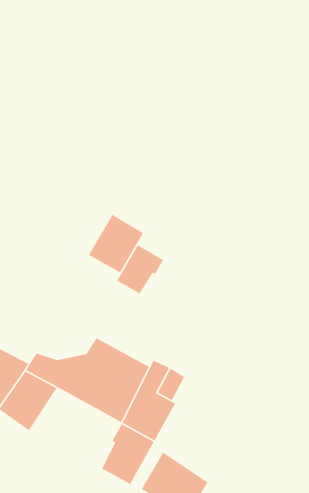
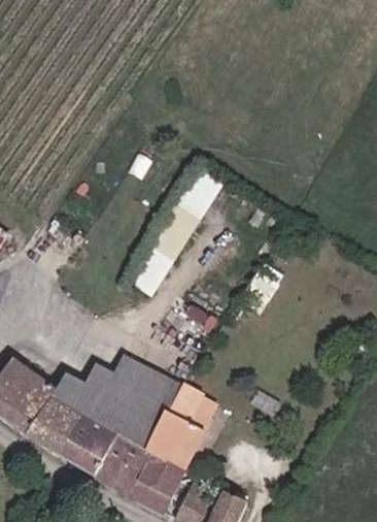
building: [116,244,164,294] -> none
building: none -> [60,411,153,493]

